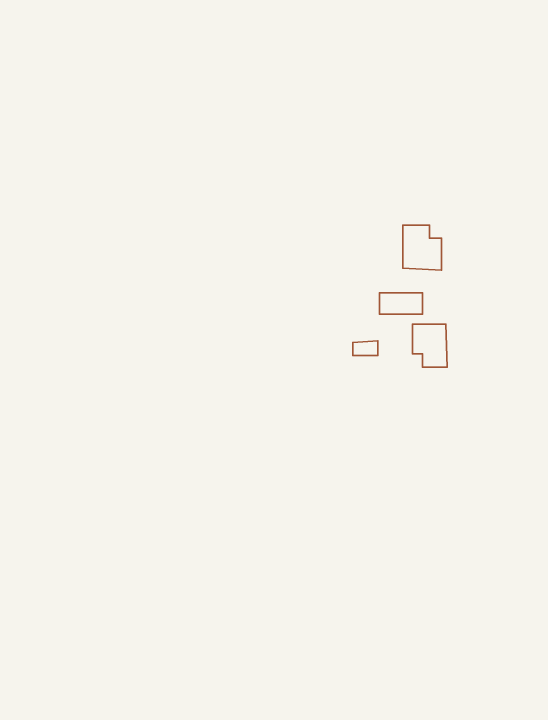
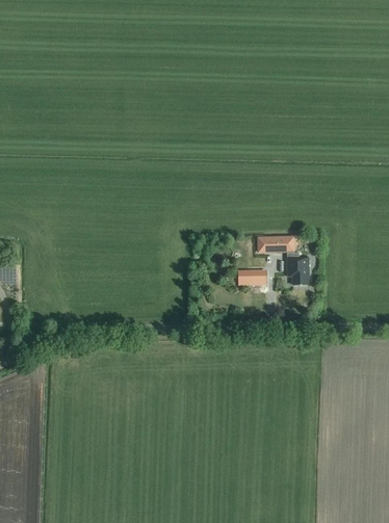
building: [403,225,442,270] -> none

